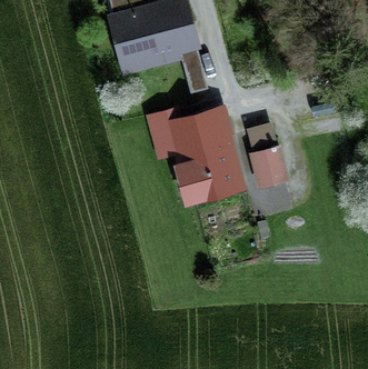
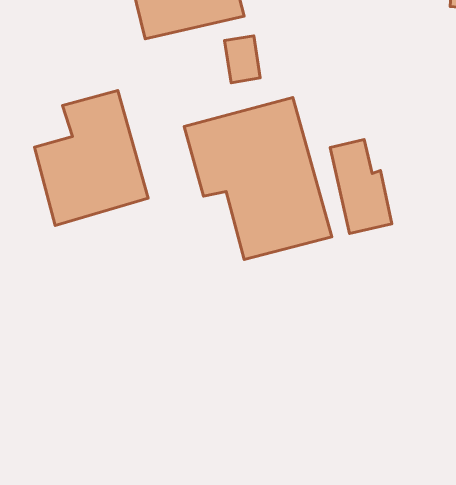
building: none -> [34,91,148,226]

